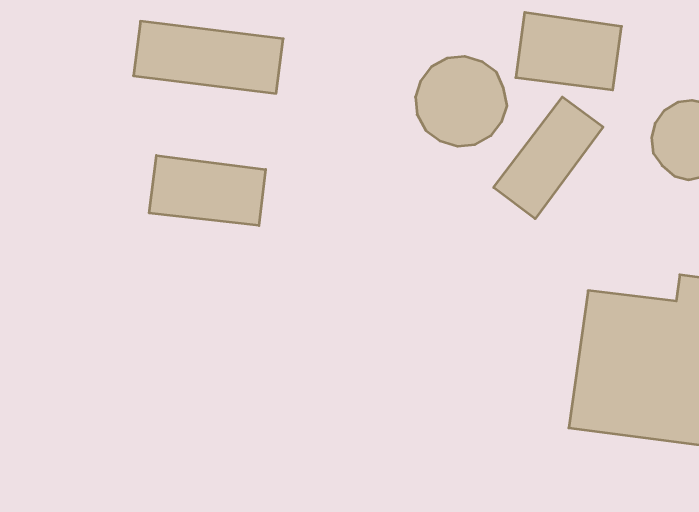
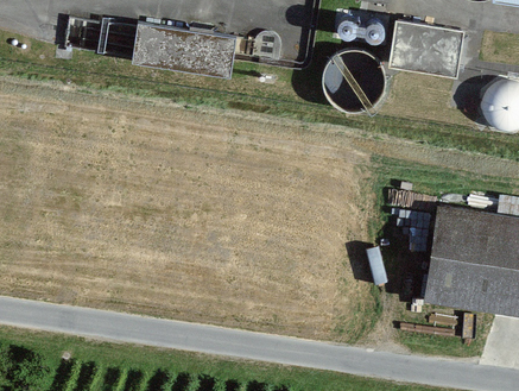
building: [494,97,603,219] -> none
building: [149,155,266,226] -> none

